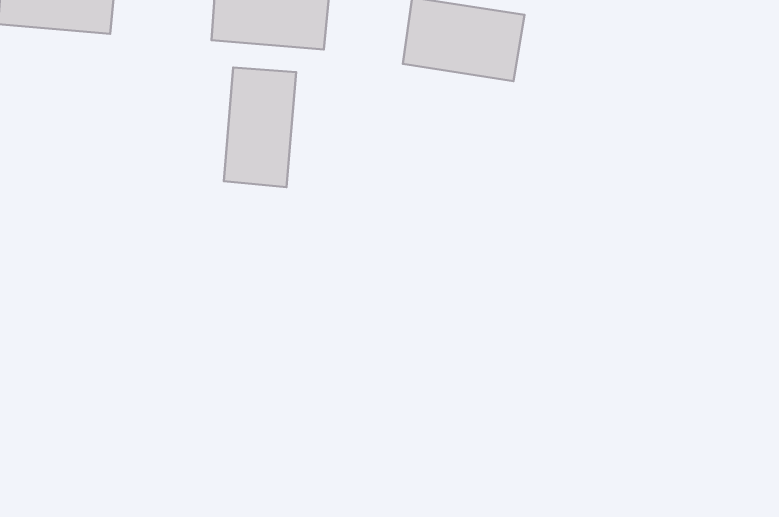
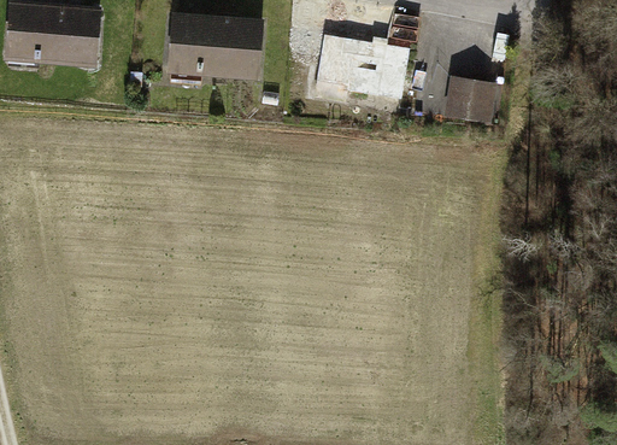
building: none -> [451,78,492,118]
building: [224,68,296,187] -> none

